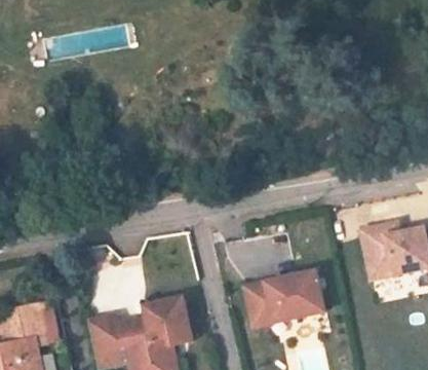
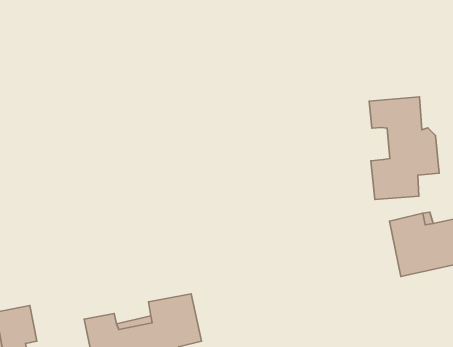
building: none -> [369,97,439,200]
building: [244,270,324,326] -> none

